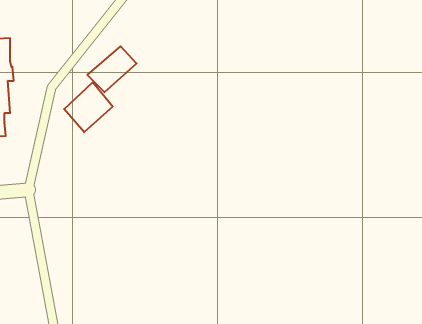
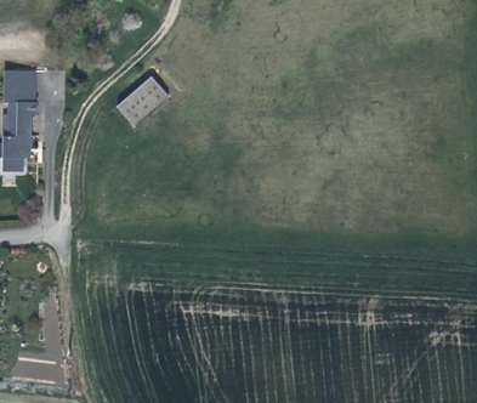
building: [64,82,113,132] -> none

